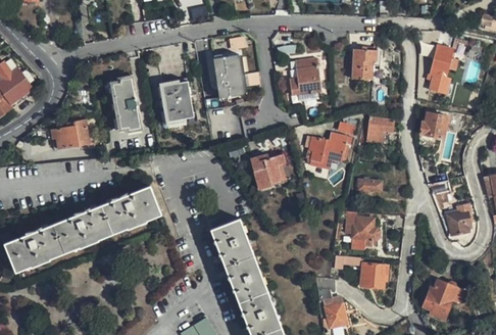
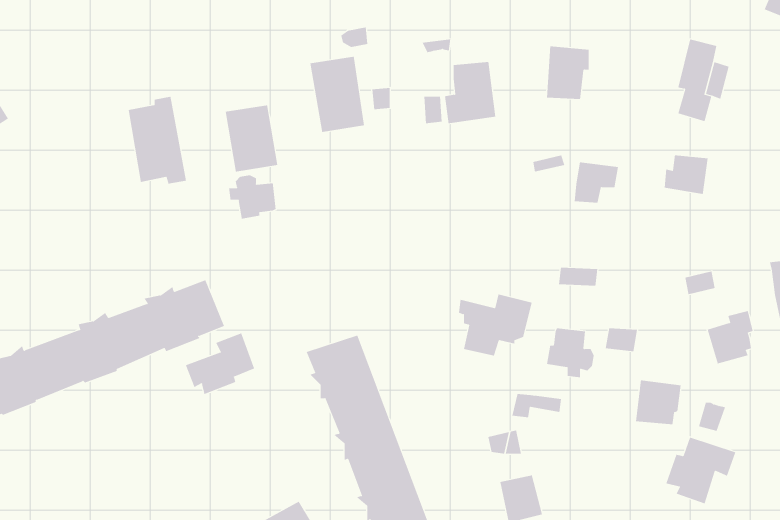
building: [52,121,91,151] -> none
building: none -> [228,175,276,220]
building: [307,134,351,171] -> [458,294,532,356]
building: [251,153,286,189] -> none
building: none -> [185,332,255,395]
building: [361,262,389,289] -> [635,380,682,425]

